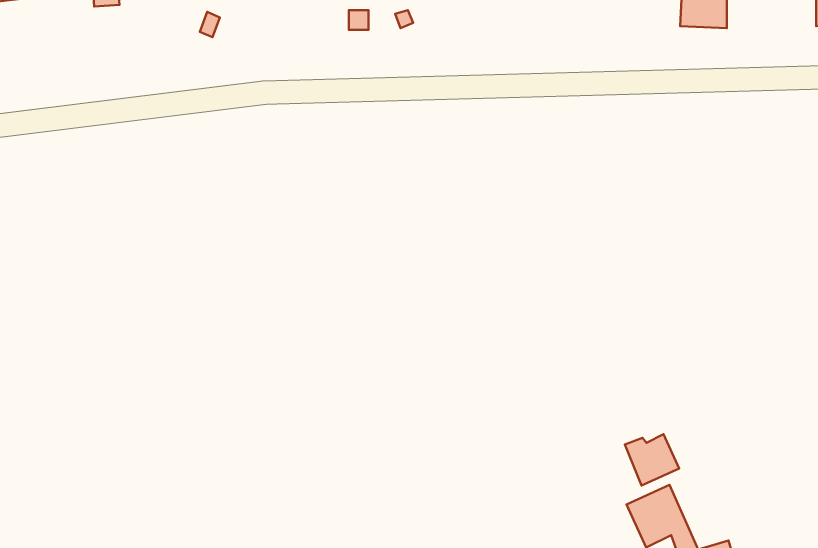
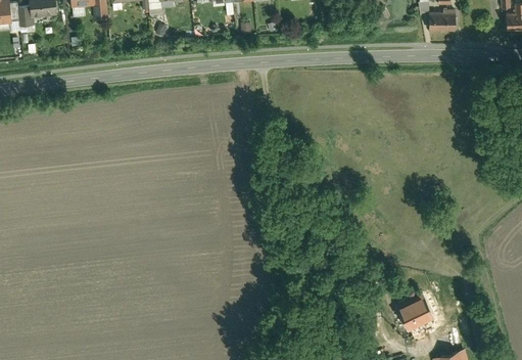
building: [625,434,679,485] -> none

